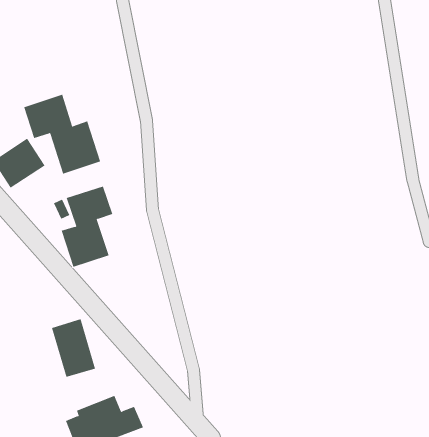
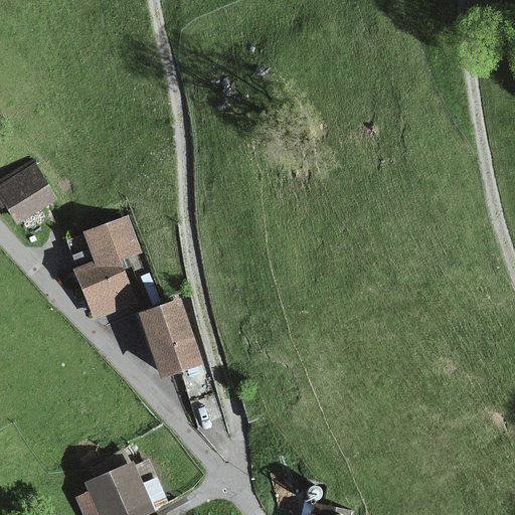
building: [24,94,101,174] -> none
building: [51,318,96,378] -> [150,301,202,370]

